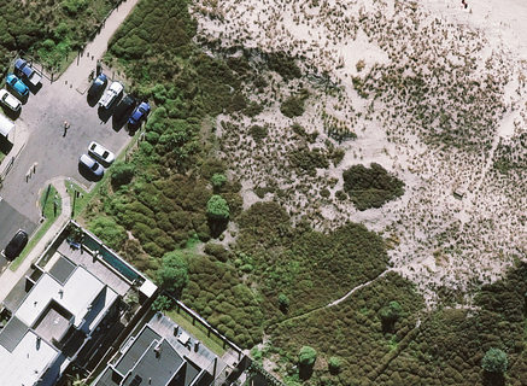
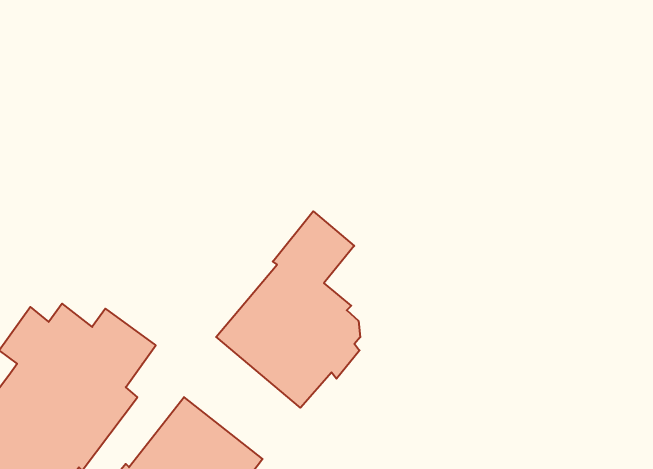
building: none -> [216,211,360,408]

